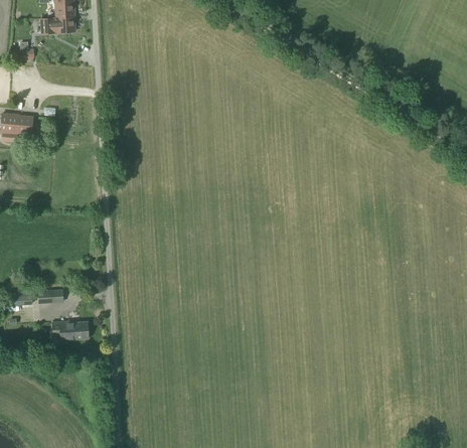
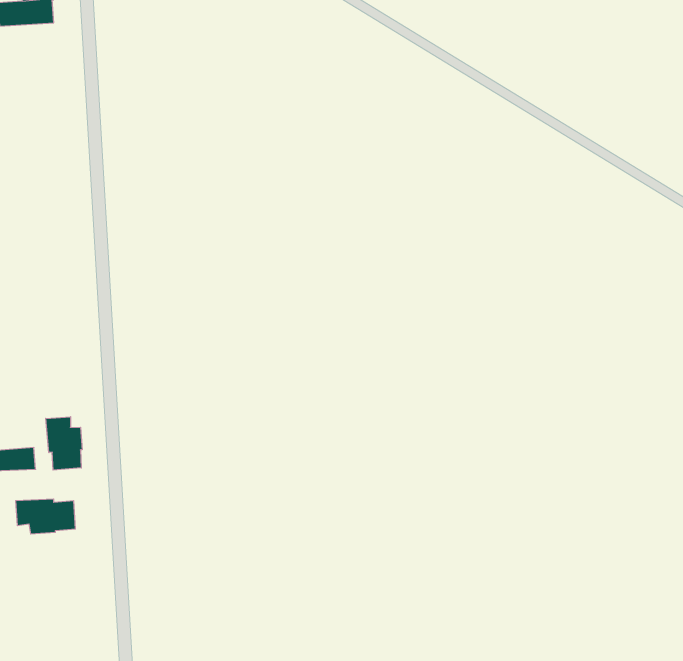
building: none -> [46,417,82,470]

